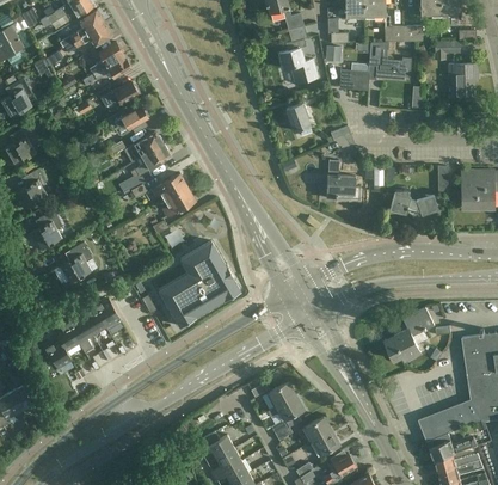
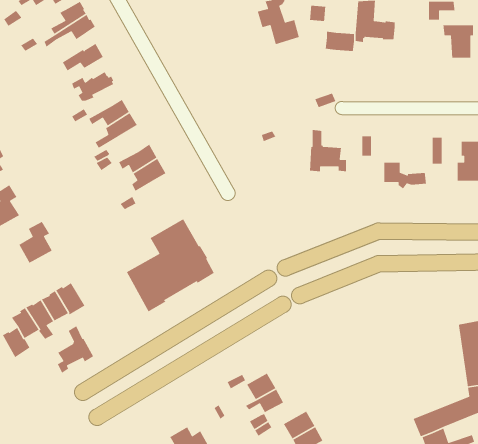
building: [285,103,312,136] -> none
building: [387,308,435,361] -> none
building: none -> [57,325,94,374]

